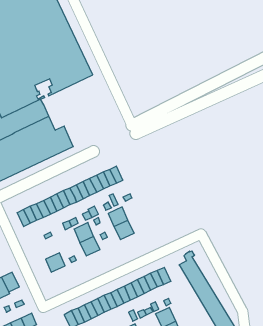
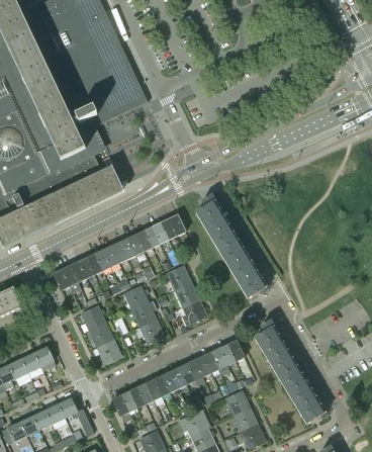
building: none -> [196,194,264,297]
building: none -> [182,297,207,325]
building: none -> [81,304,106,330]
building: none -> [140,318,165,343]
building: none -> [96,338,121,363]

